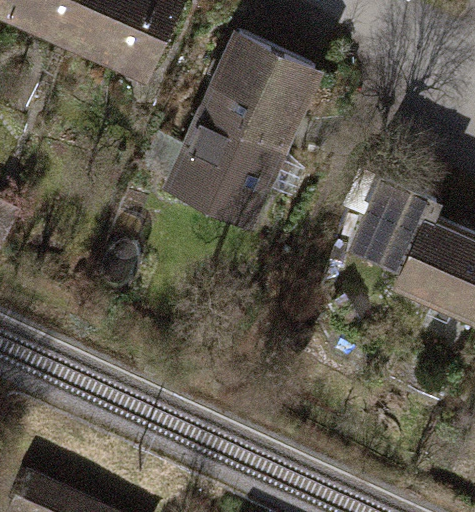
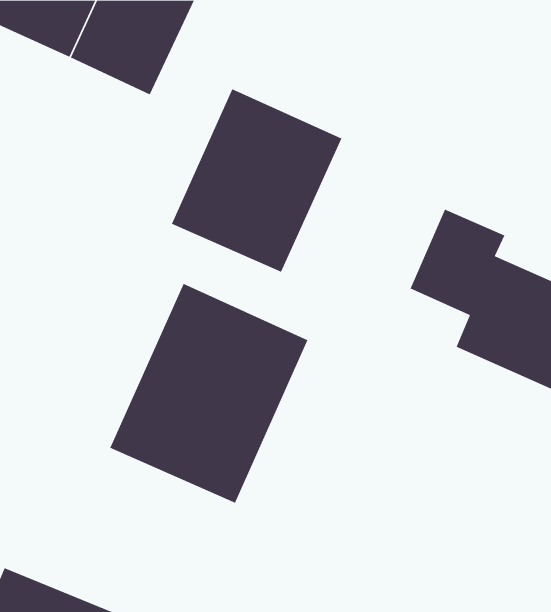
building: [212,28,325,118] -> none
building: none -> [109,283,308,504]

